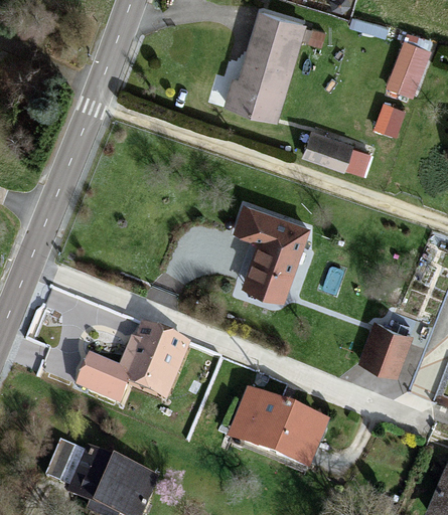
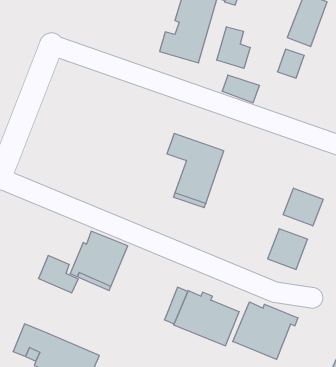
building: none -> [217,27,250,68]
building: none -> [283,188,323,226]
building: none -> [233,302,298,359]

